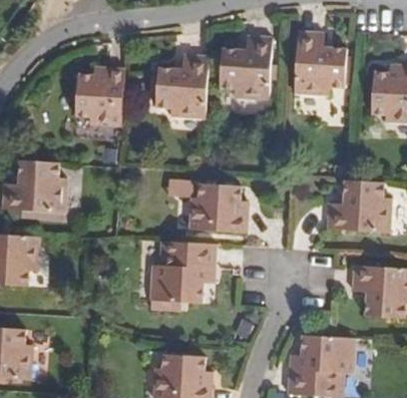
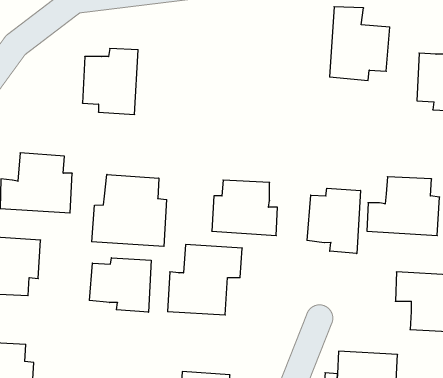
building: [220,35,273,99] -> none
building: [155,54,209,118] -> none
building: none -> [92,174,167,246]
building: none -> [307,188,360,254]
building: none -> [89,258,151,312]

